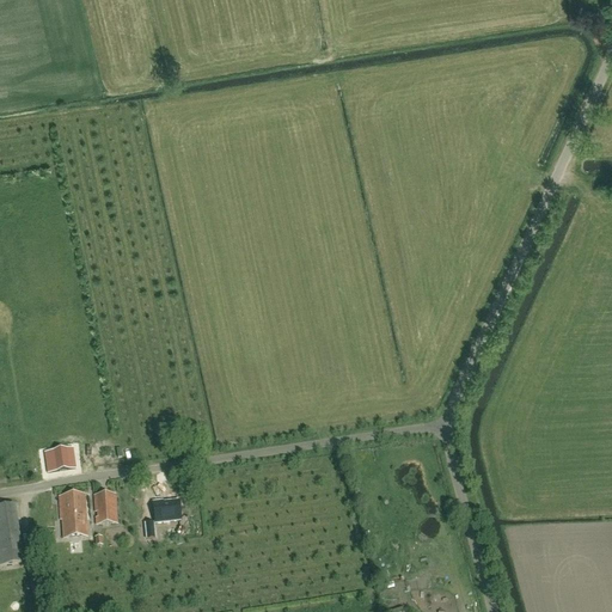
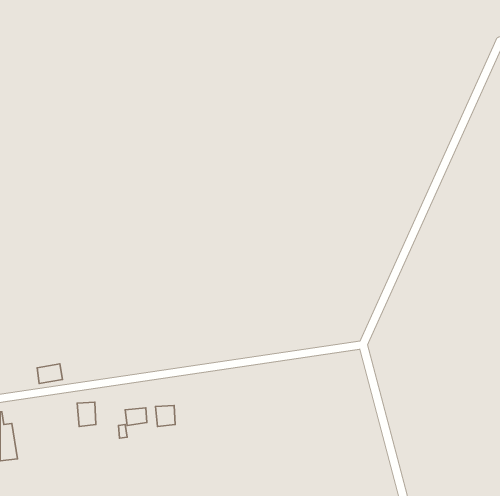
building: [60,491,87,534] -> none
building: none -> [156,406,175,427]

